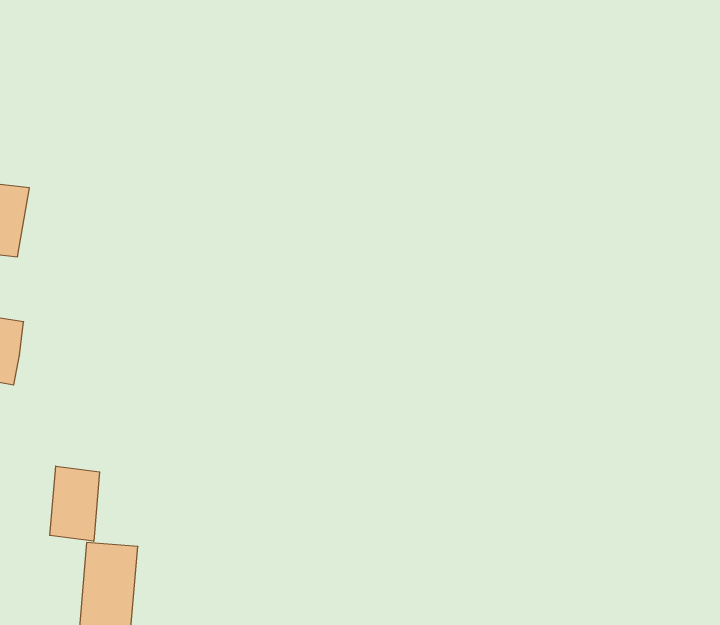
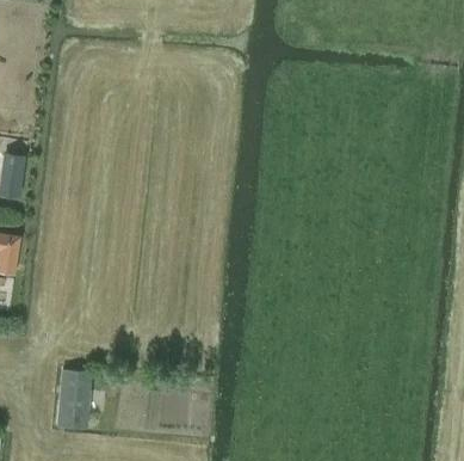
building: [50,466,100,541] -> none

